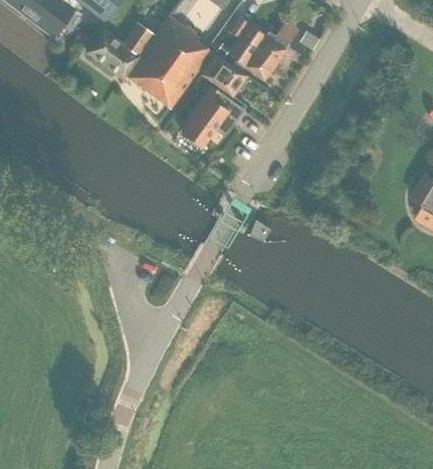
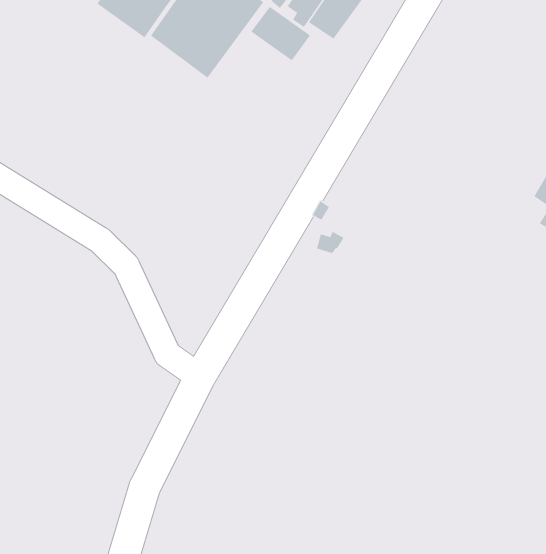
building: [183,85,243,148] -> none

